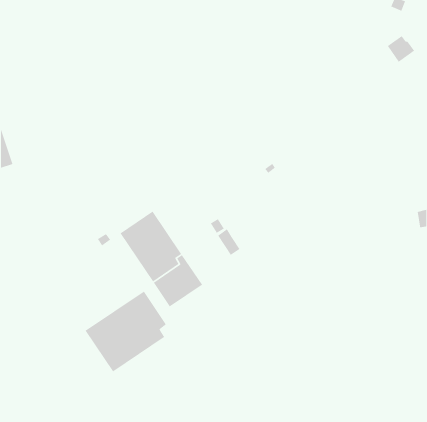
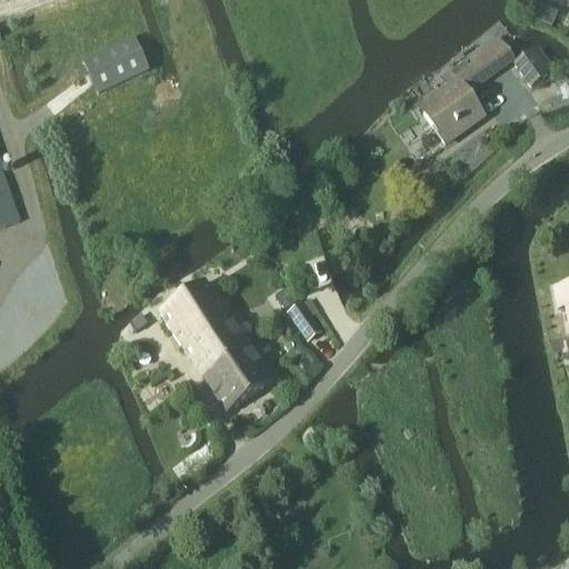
building: none -> [83,34,147,89]
building: none -> [422,37,511,141]
building: [85,290,167,373] -> none

